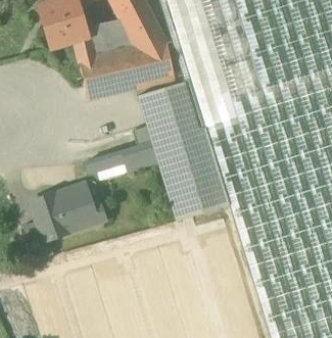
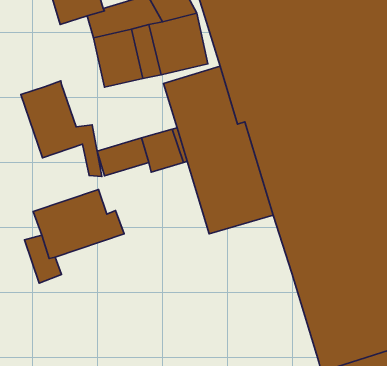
building: none -> [21,81,102,176]

